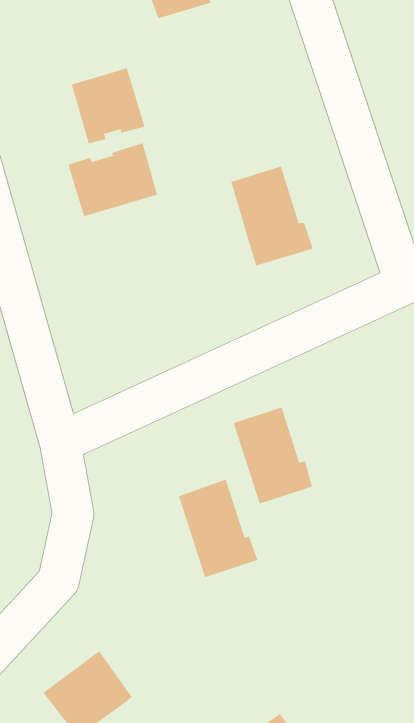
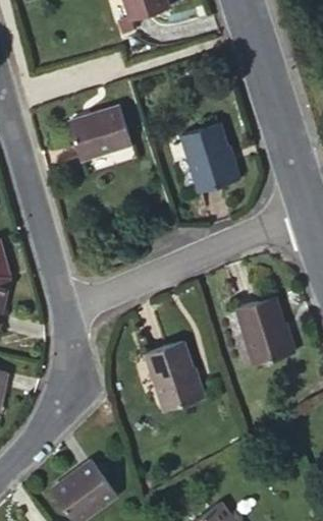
building: [71,68,145,144] -> none
building: [233,407,313,504] -> [237,295,293,363]

